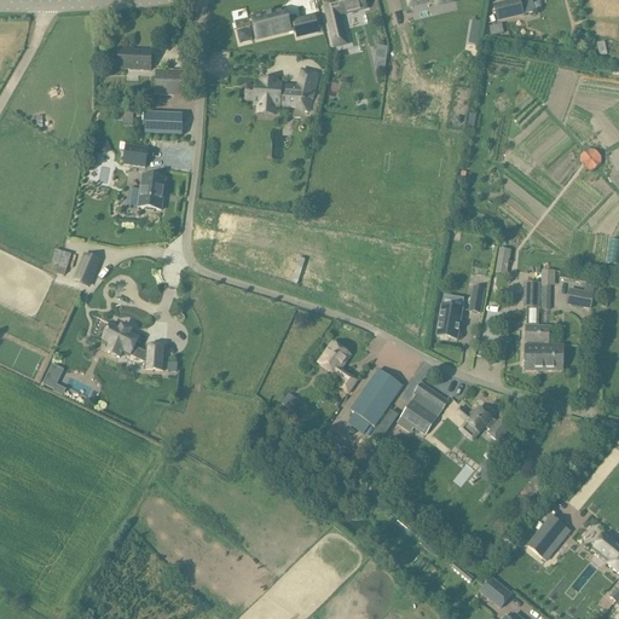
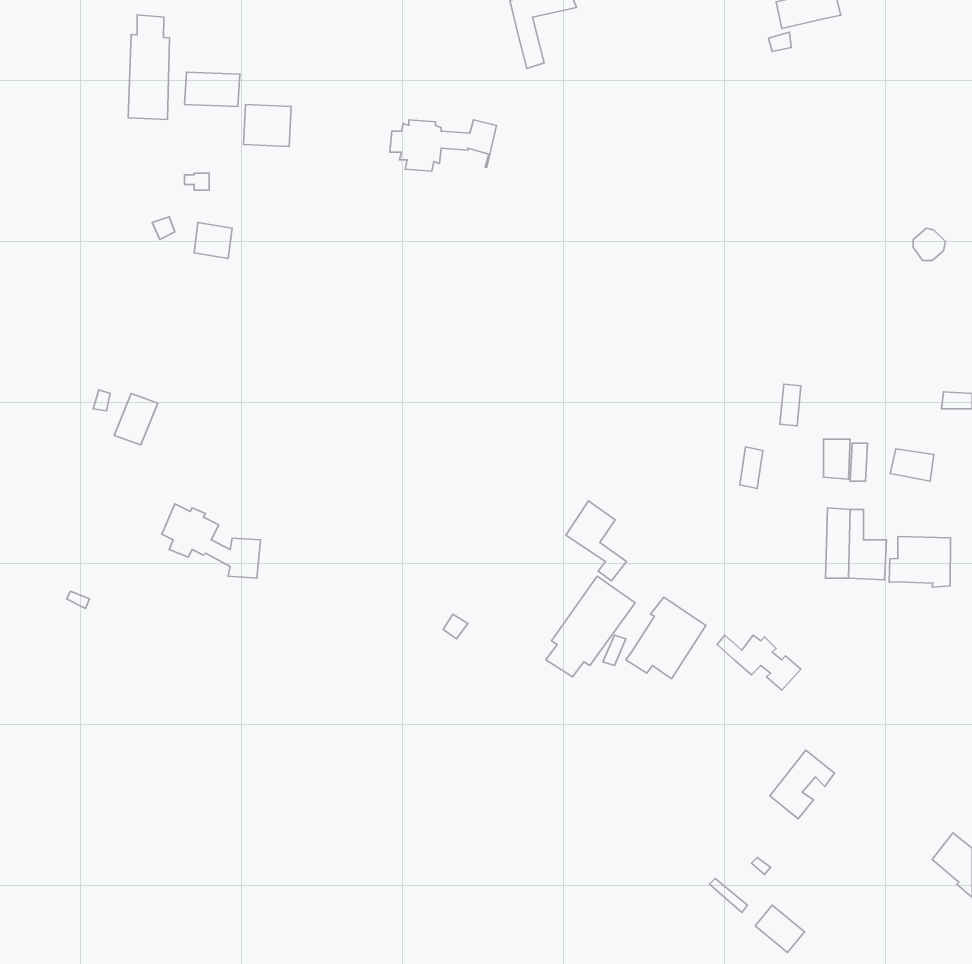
building: [251,6,318,36] -> none
building: none -> [128,15,169,120]
building: [145,111,183,133] -> none
building: [138,173,164,208] -> none
building: [438,302,463,337] -> none
building: [319,339,358,389] -> [566,501,627,581]
building: none -> [889,537,950,587]
building: [528,514,569,557] -> [770,750,834,819]

